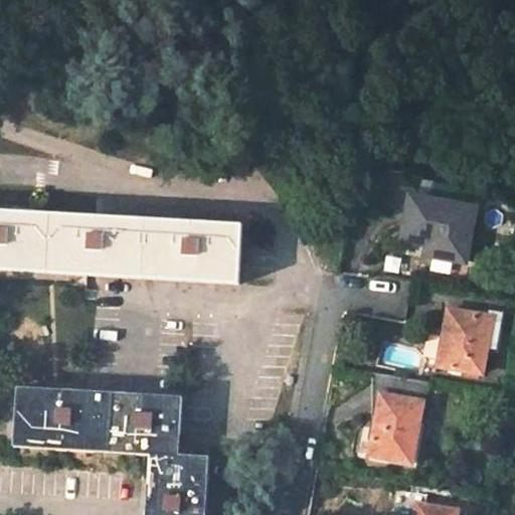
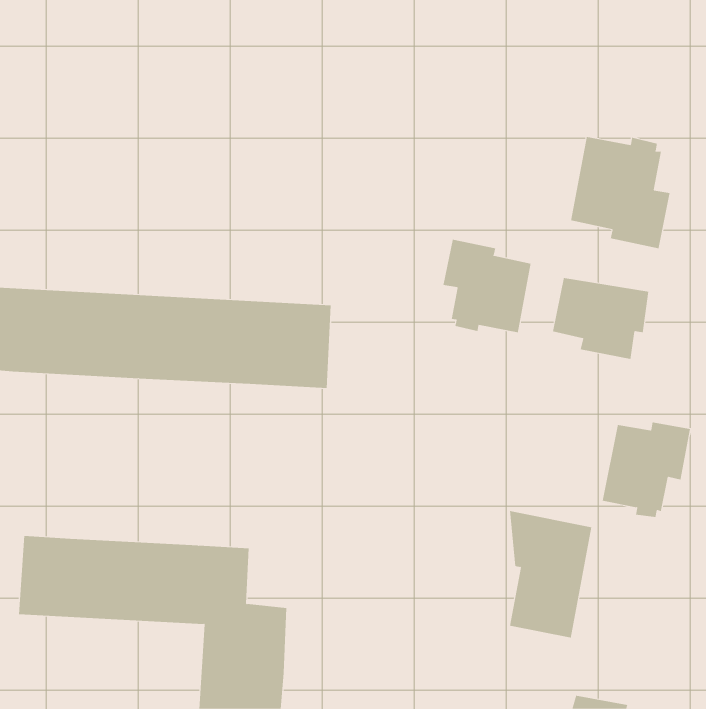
building: none -> [570,136,670,249]
building: none -> [443,239,531,333]

